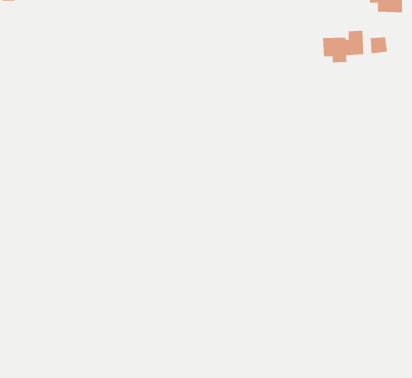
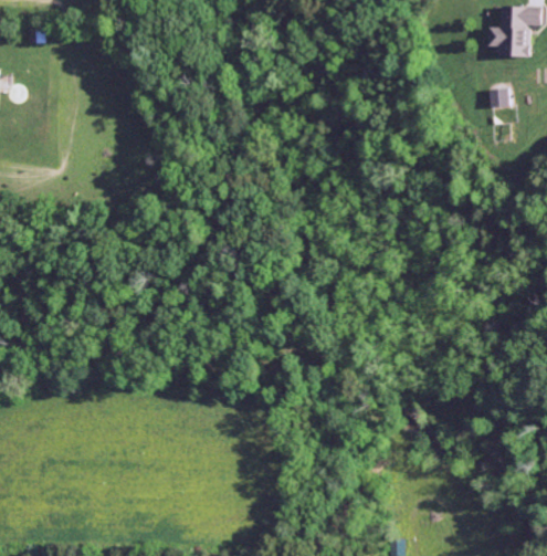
building: [323,30,364,63] -> none

